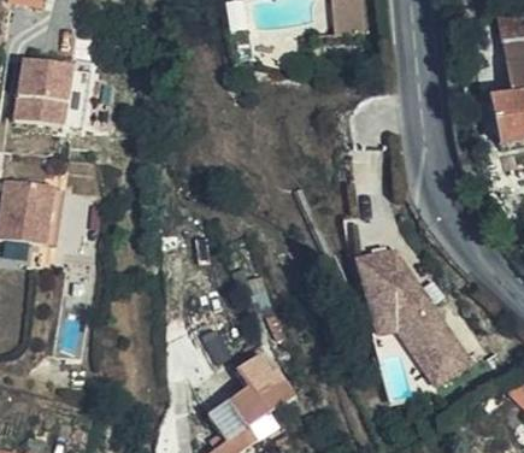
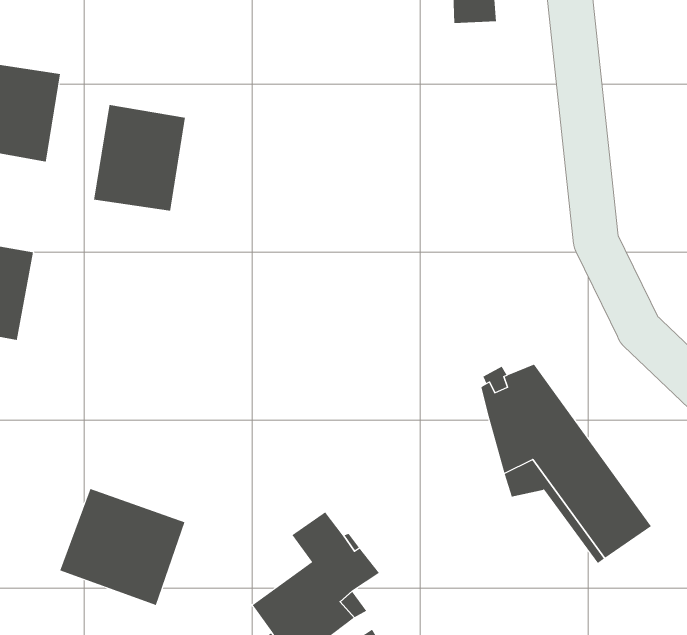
building: none -> [93,104,186,212]
building: none -> [59,488,185,606]

